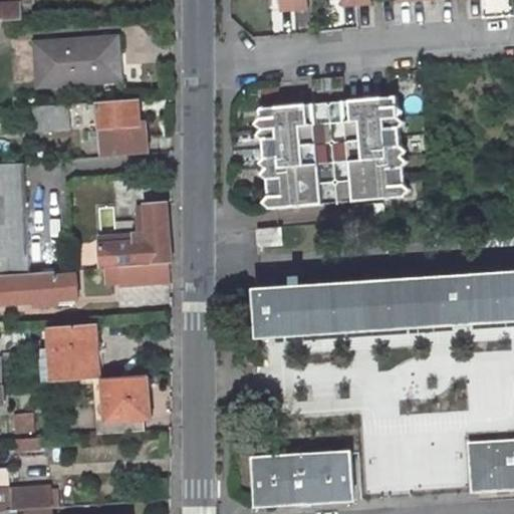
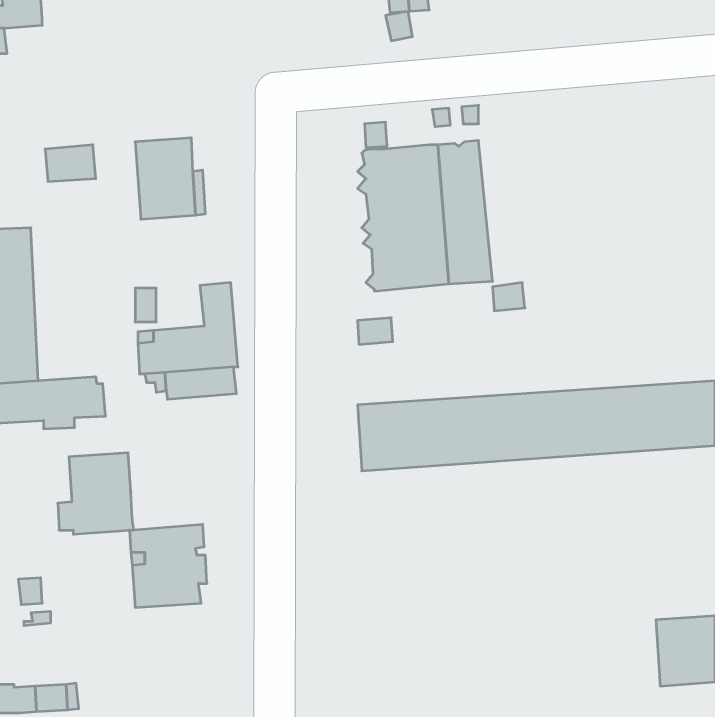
building: [33,36,118,85] -> none
building: [341,95,409,201] -> none
building: [252,451,352,505] -> none

